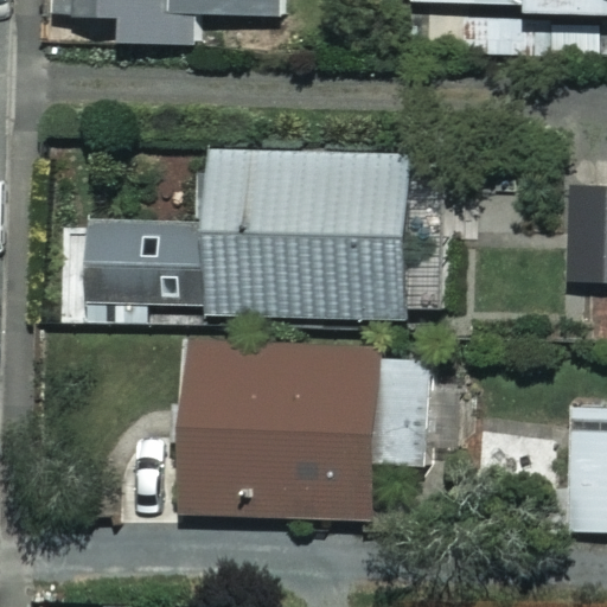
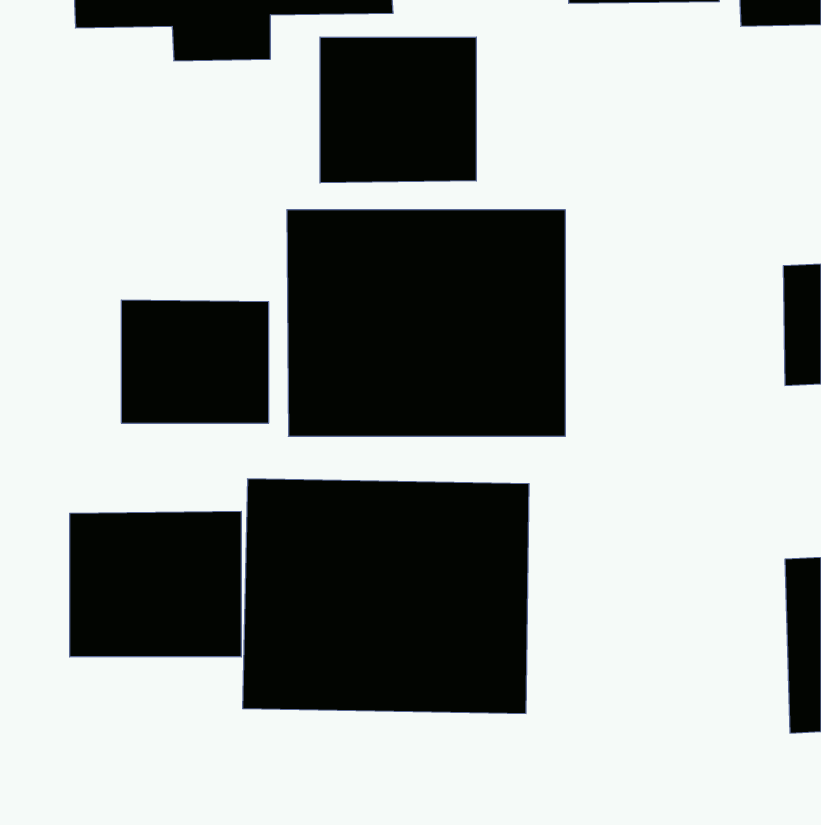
building: none -> [320,37,476,183]
building: none -> [70,511,241,657]

